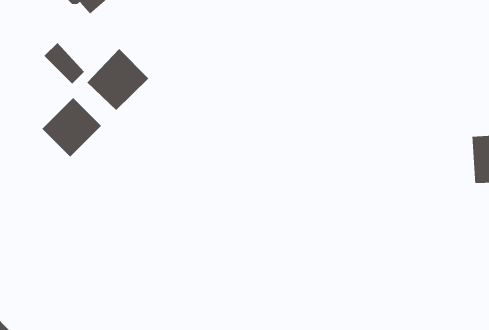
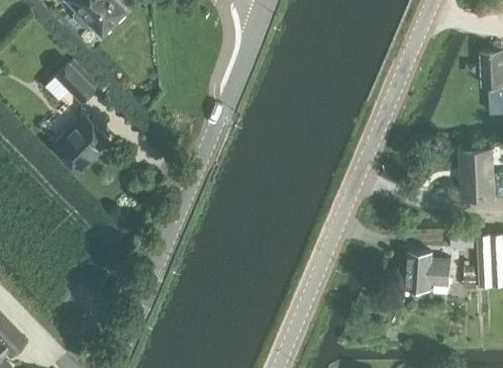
building: [87,48,149,111] -> none
building: none -> [405,252,452,293]

